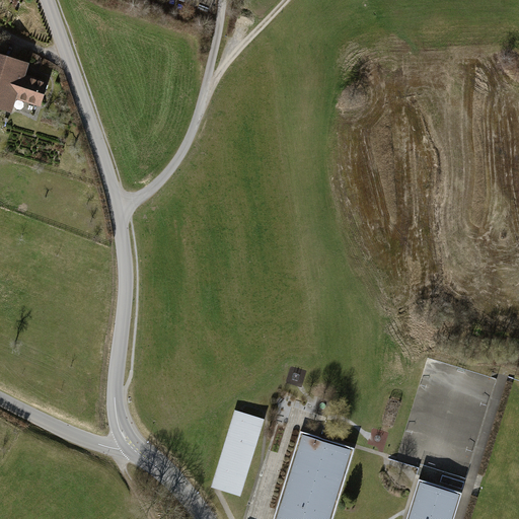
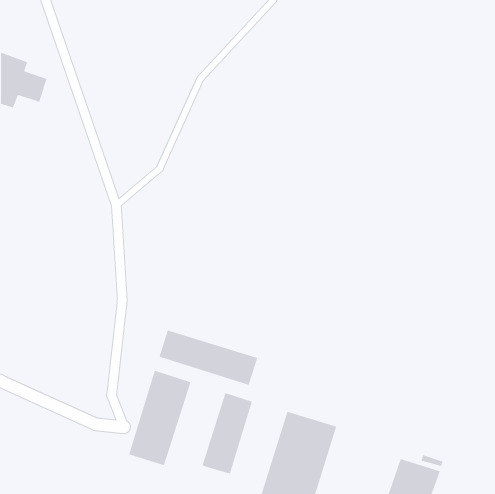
building: none -> [159,330,258,386]
building: none -> [128,370,191,466]

